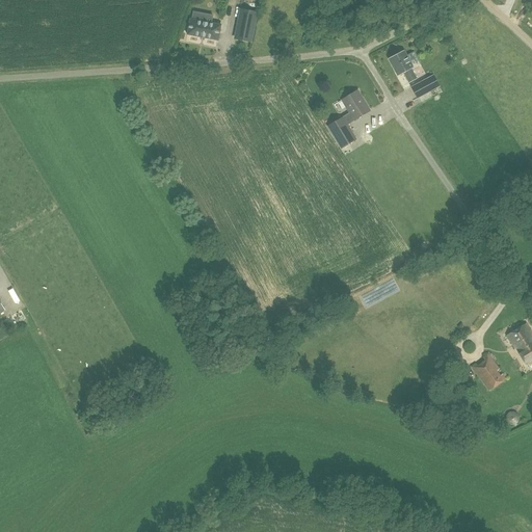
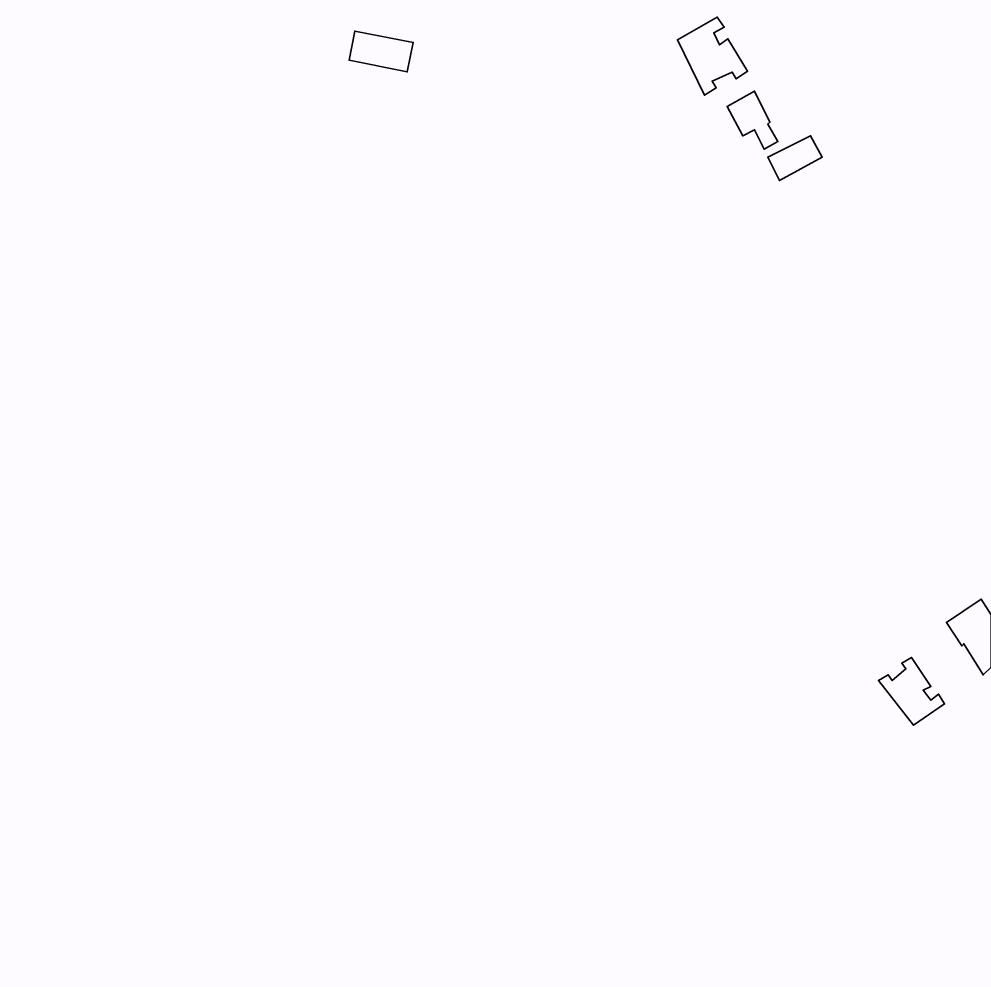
building: [236,7,257,39] -> none
building: none -> [677,17,748,95]
building: [328,88,370,147] -> none

